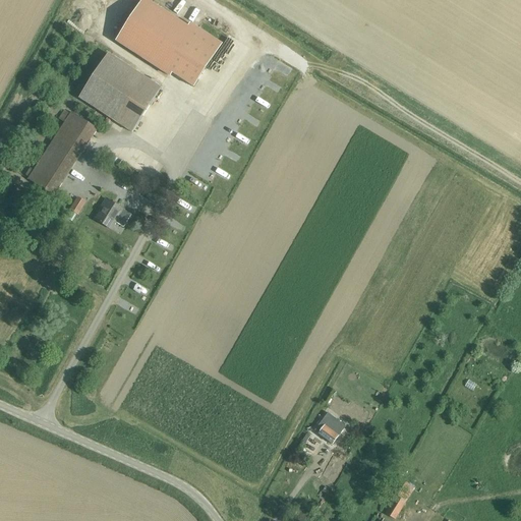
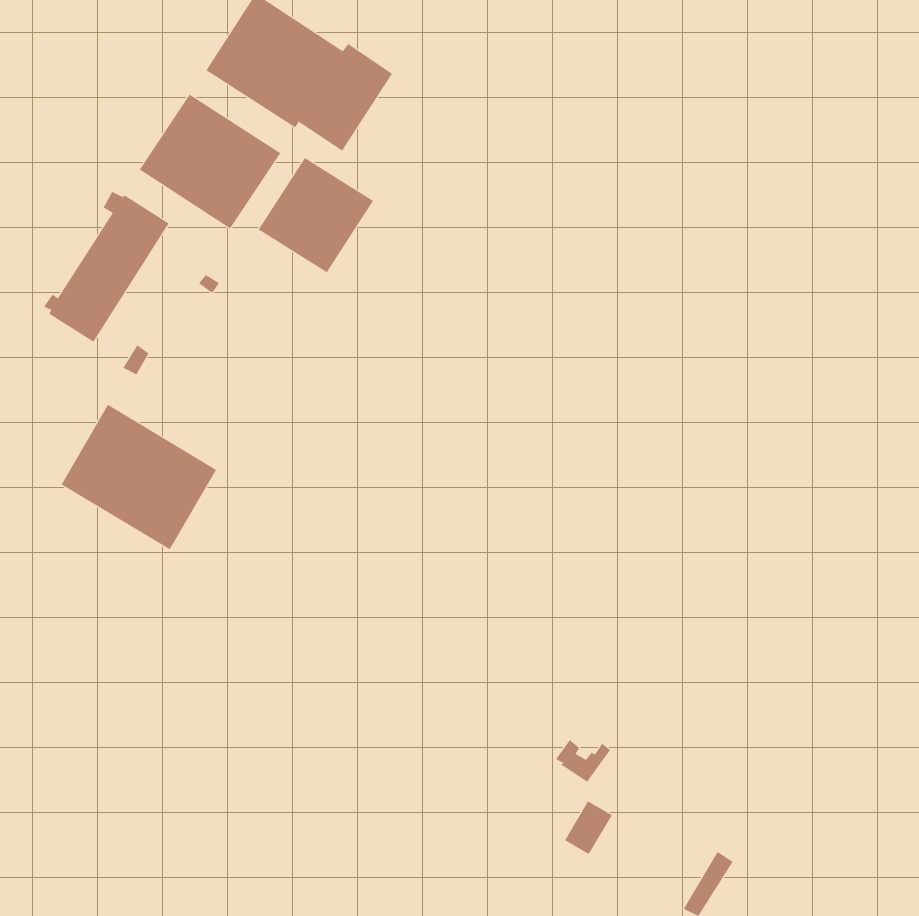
building: none -> [258,157,374,273]
building: [94,196,130,227] -> none
building: none -> [61,404,217,550]

